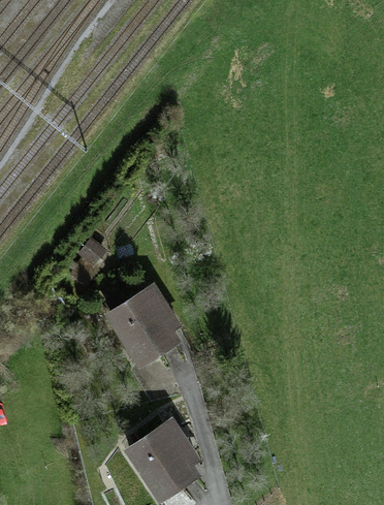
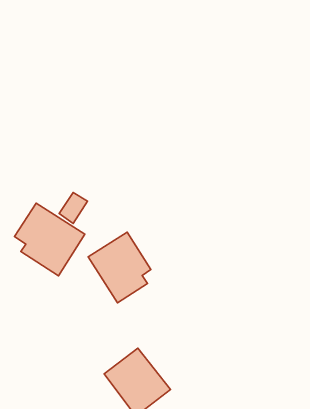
building: none -> [15,203,85,276]

